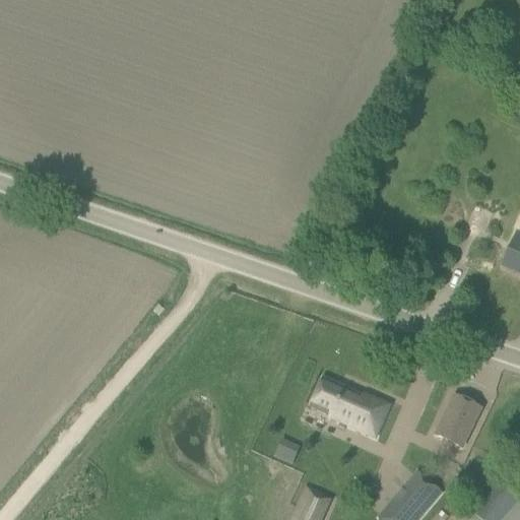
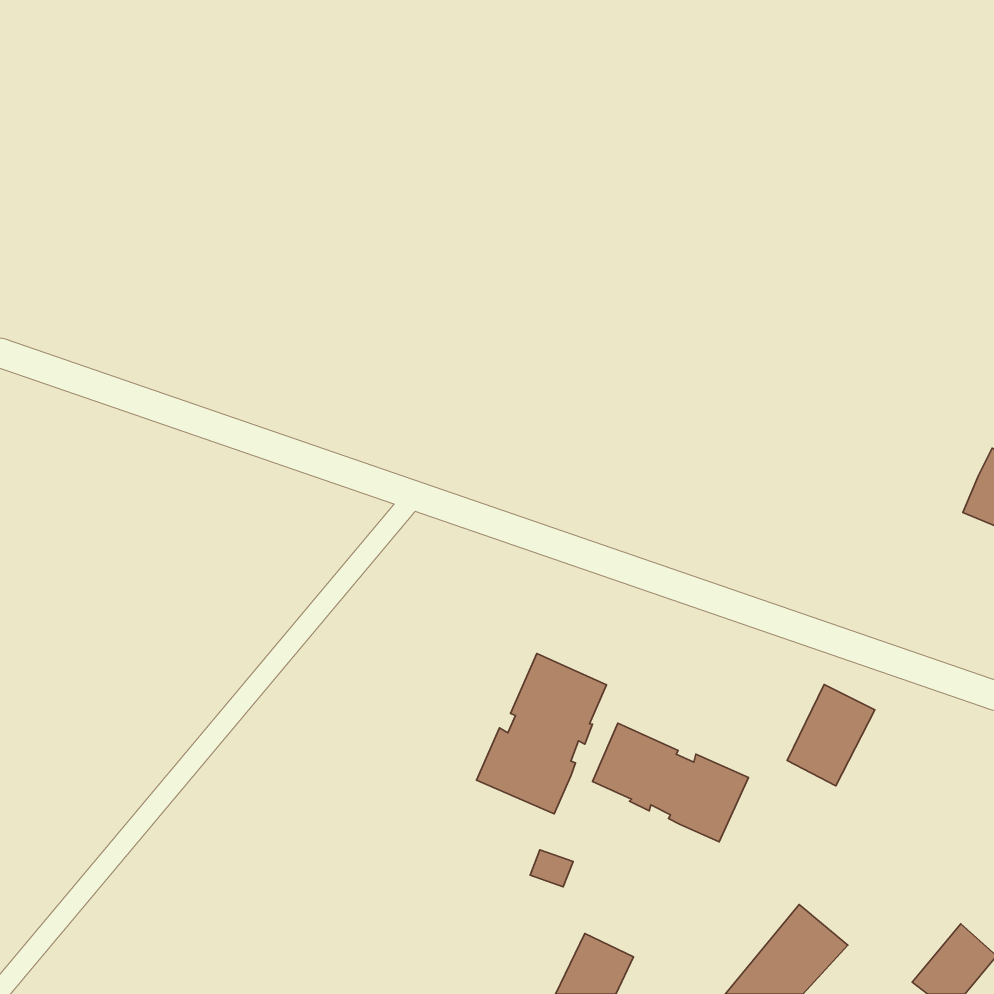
building: none -> [476,653,606,814]
building: [437,395,482,448] -> [787,685,875,786]

